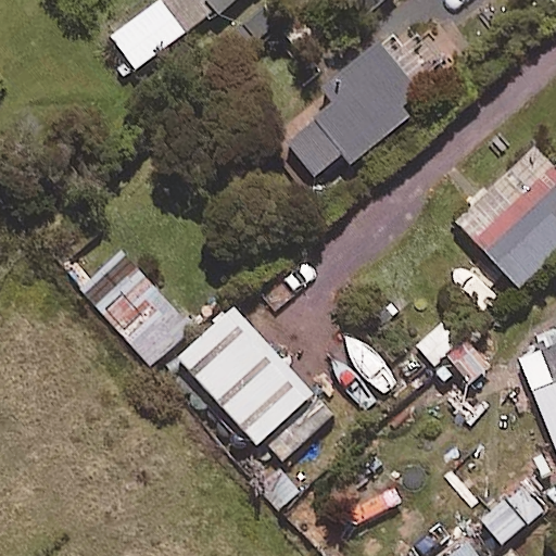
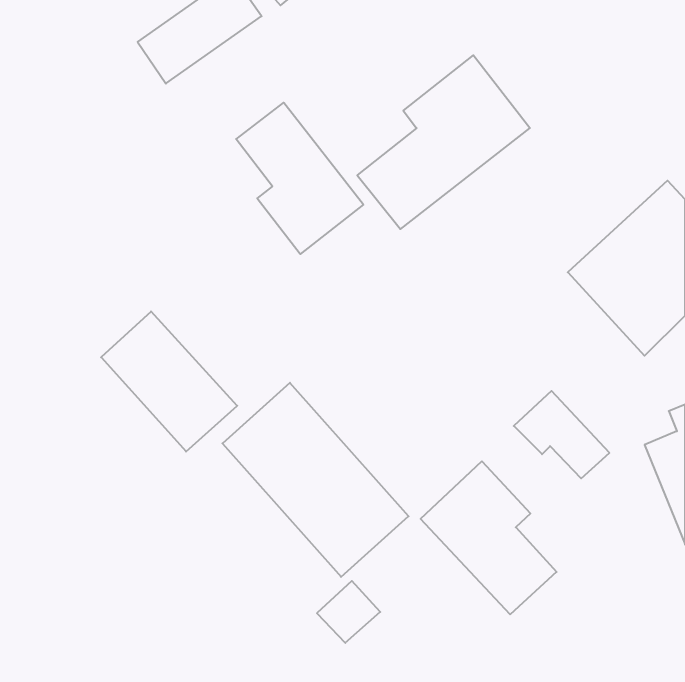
building: none -> [236,103,363,254]
building: none -> [421,461,557,614]

